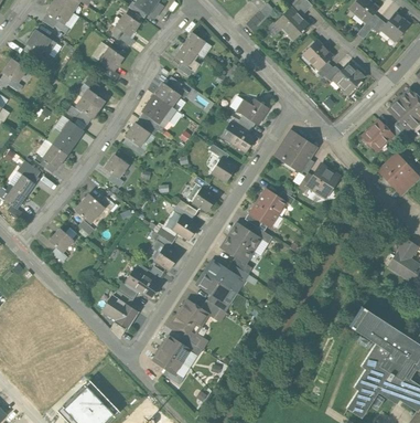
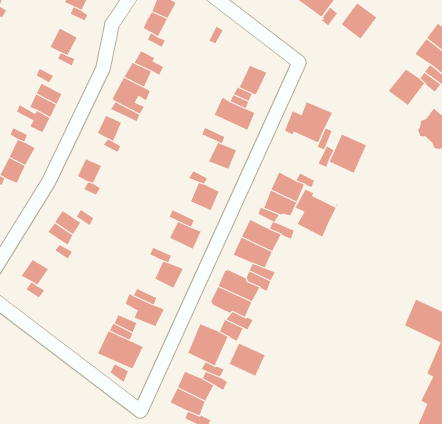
building: none -> [295,189,339,237]
building: none -> [229,343,265,377]

